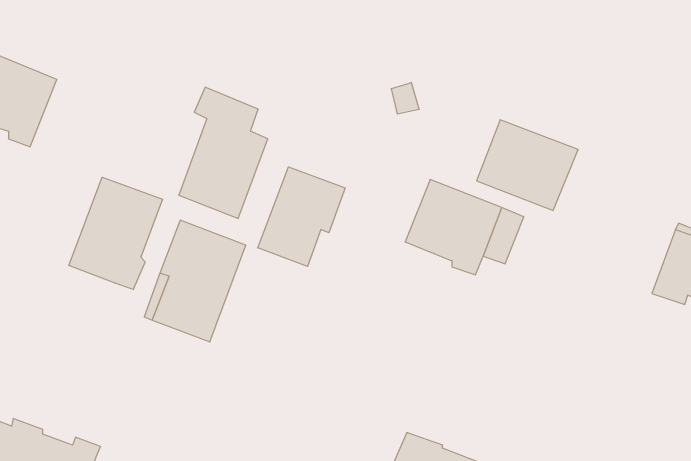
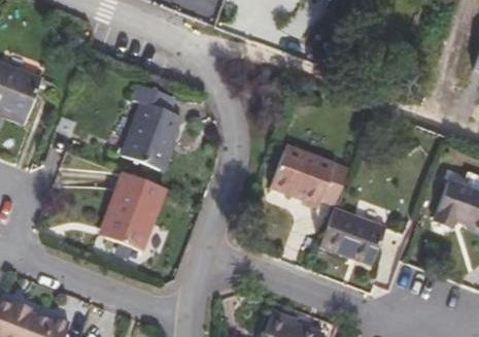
building: [477,120,578,210] -> [319,206,386,266]
building: [258,167,345,266] -> none
building: [69,177,162,290] -> none

